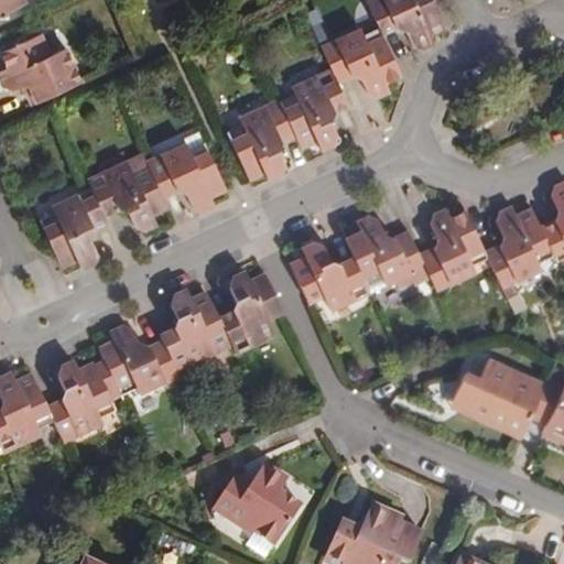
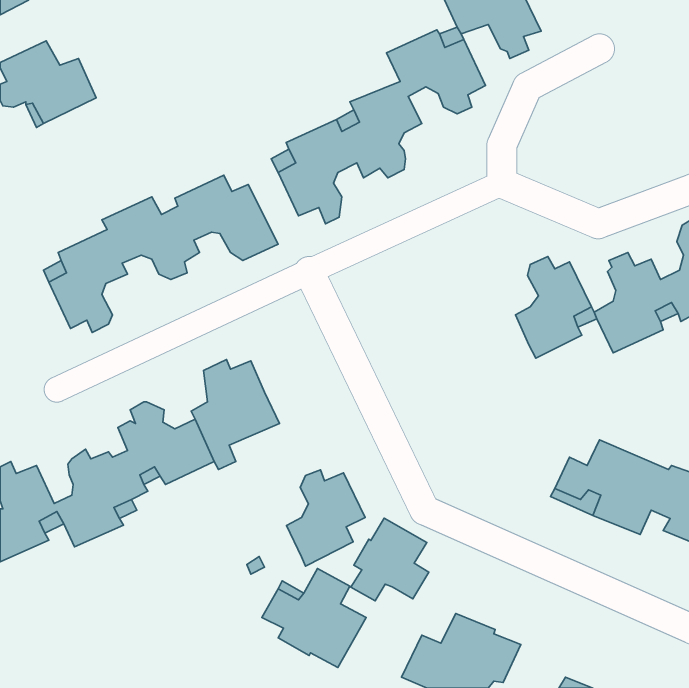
building: [291,218,433,312] -> none
building: [218,273,282,351] -> [287,470,365,566]
building: none -> [351,518,429,601]

